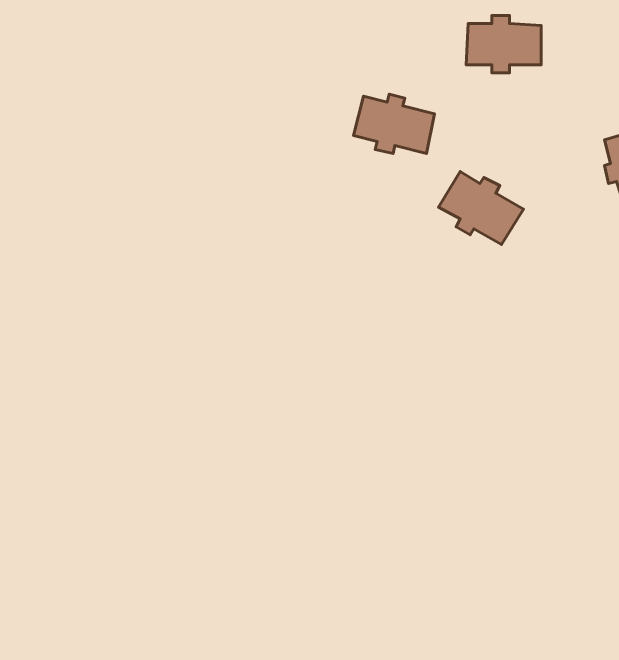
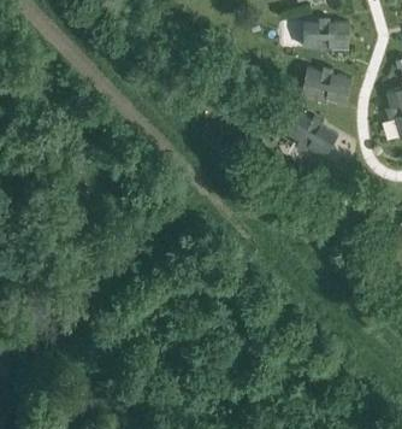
building: [353,94,435,153] -> [301,67,350,104]

